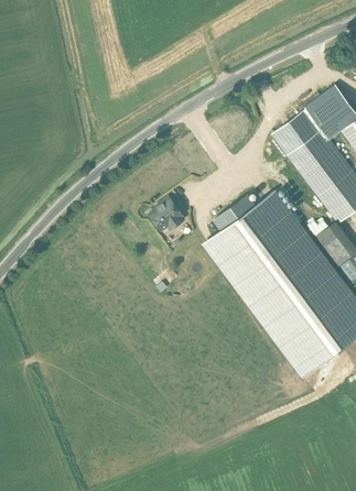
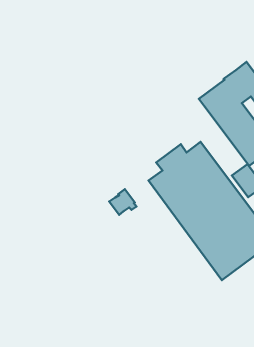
building: [148,197,184,231] -> [109,189,136,215]

